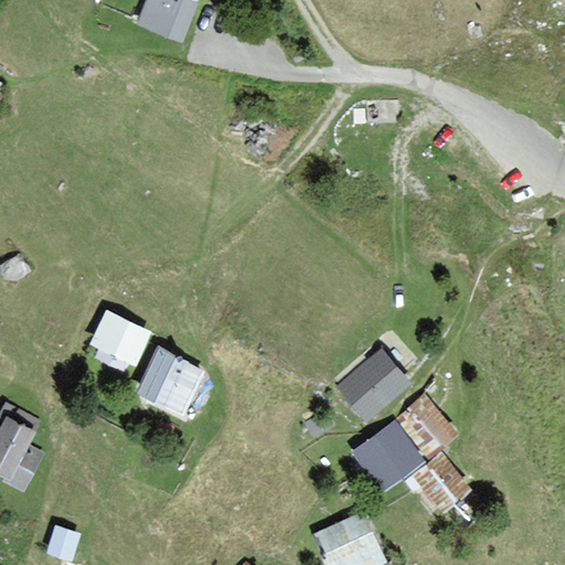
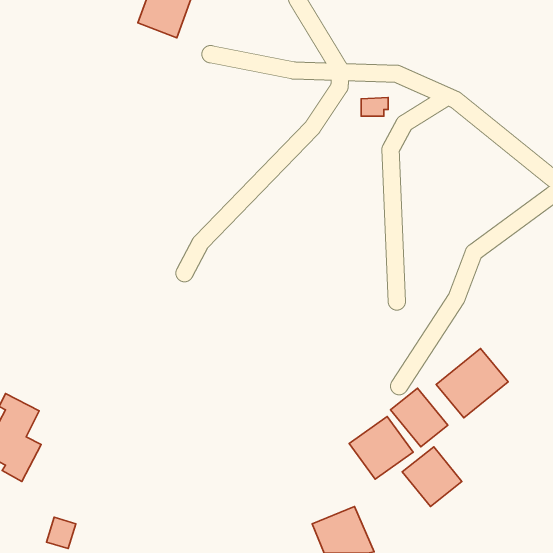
building: [93,311,150,370] -> none
building: [137,350,202,414] -> none
building: [339,352,405,416] -> none
building: none -> [436,348,508,418]

